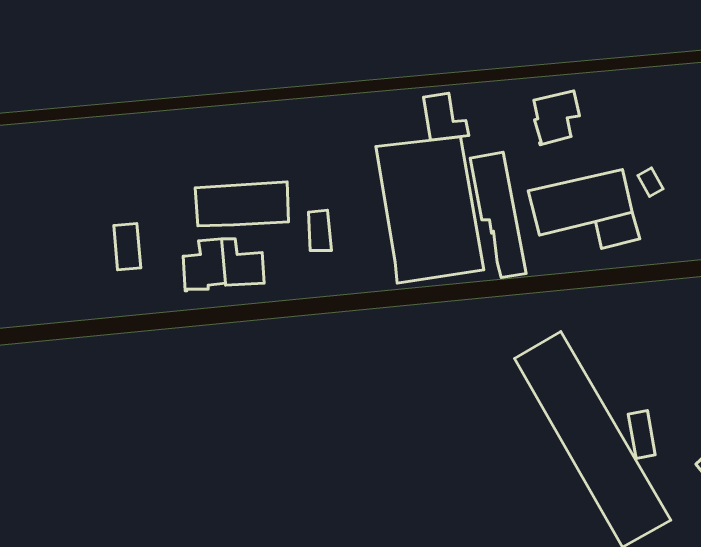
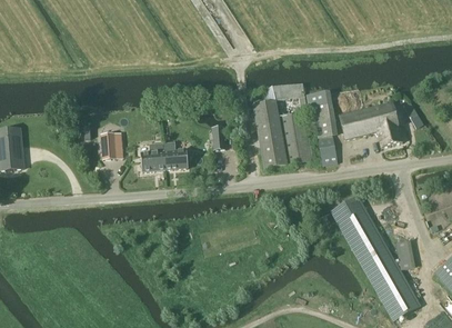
building: [534,91,580,145] -> none
building: [424,93,469,140] -> none
building: [195,182,288,226] -> none

